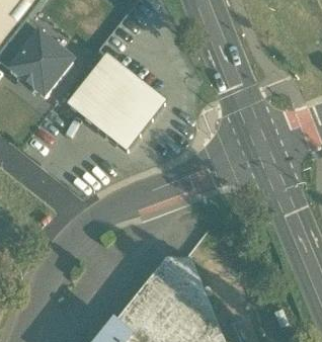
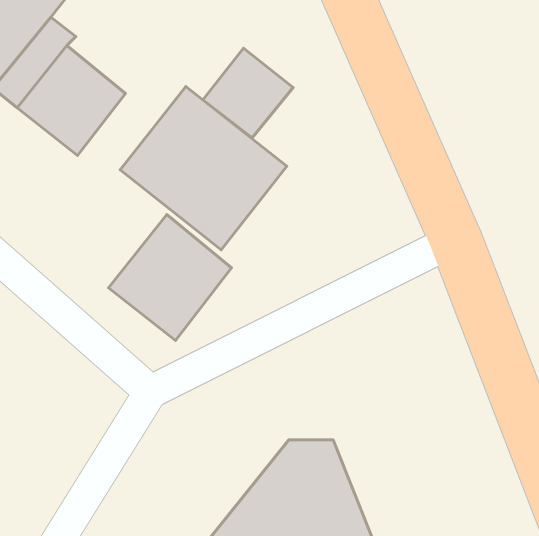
building: none -> [203,48,293,138]
building: none -> [109,214,232,341]

